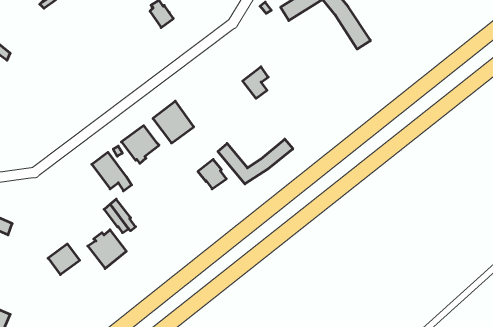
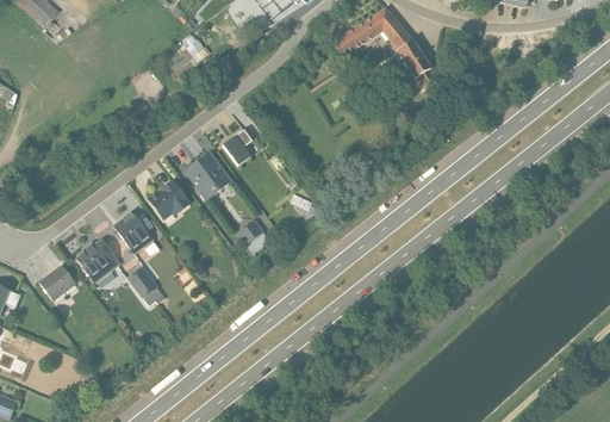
building: [243,67,268,98] -> [222,128,251,165]
building: [218,139,293,184] -> none
building: [88,230,126,269] -> [74,237,119,283]
building: [48,244,80,275] -> [38,263,75,299]

